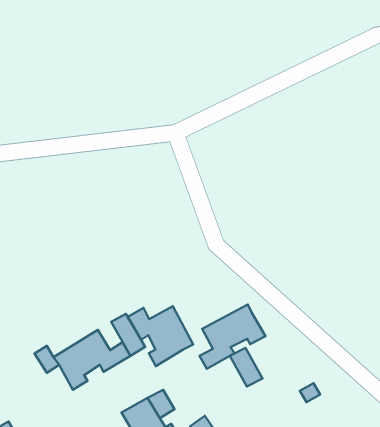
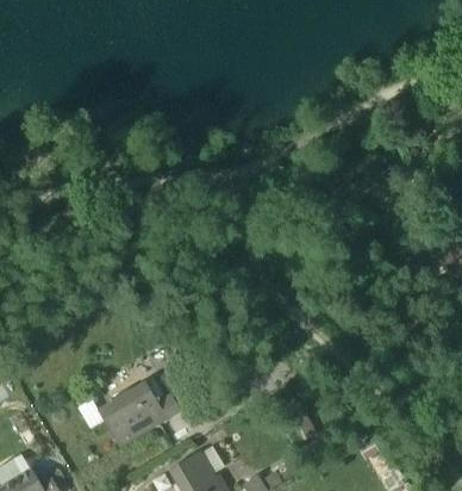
building: [200,305,266,369] -> none
building: [128,306,193,366] -> none

